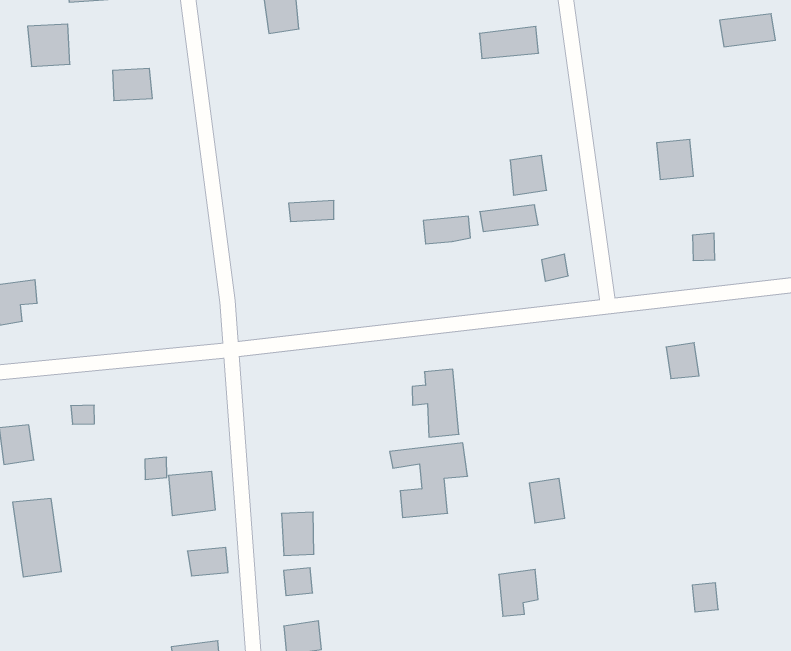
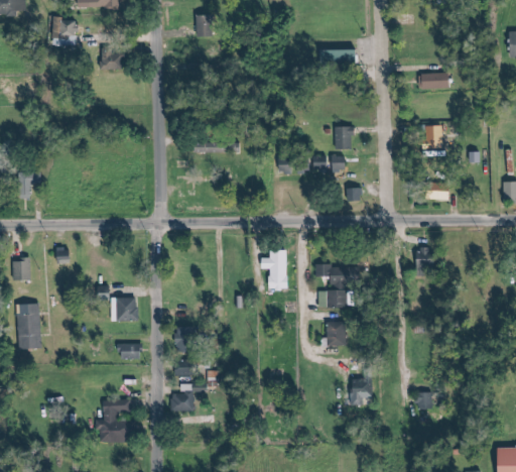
building: [720,14,775,47] -> [418,73,450,90]
building: [390,443,468,518] -> [314,266,360,308]
building: [499,569,538,616] -> [350,379,372,405]

